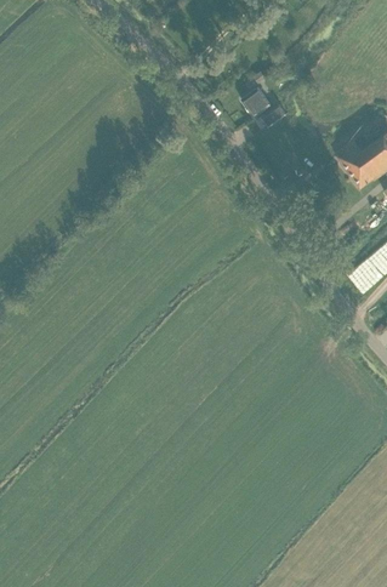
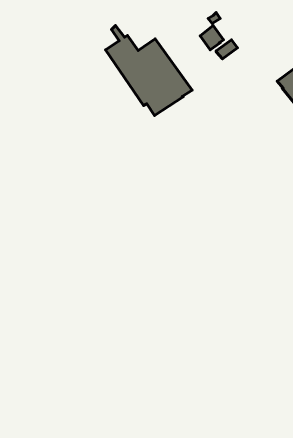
building: none -> [106,25,192,115]

